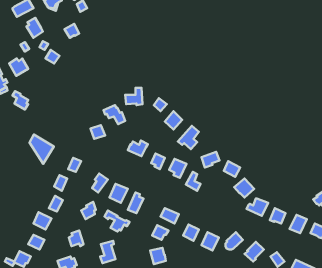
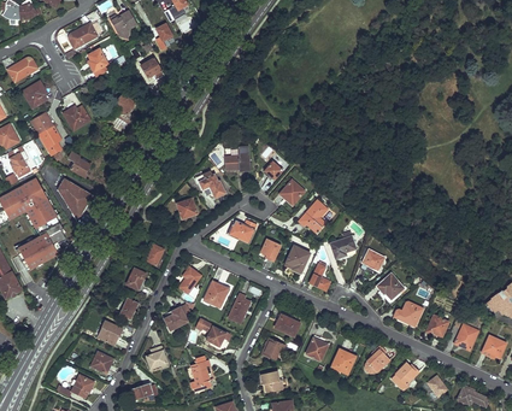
building: [29,135,54,164] -> [58,180,92,221]

